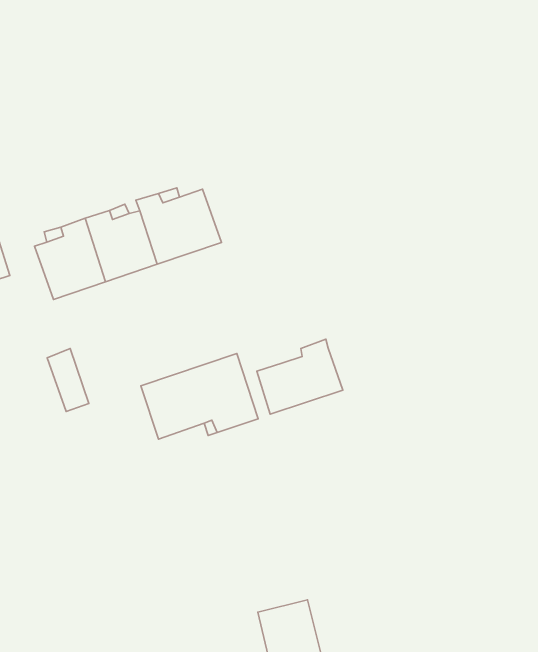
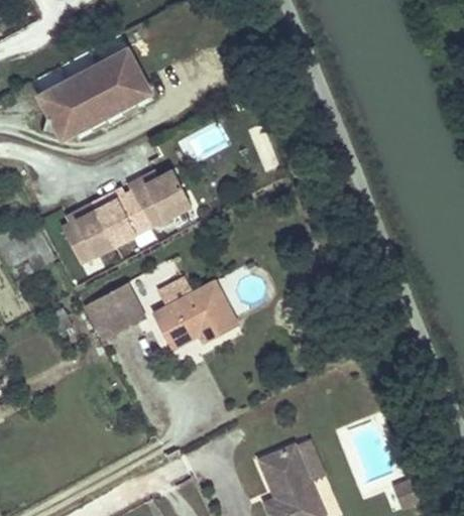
building: none -> [40,46,150,136]
building: none -> [99,281,144,332]
building: [257,339,343,414] -> none

